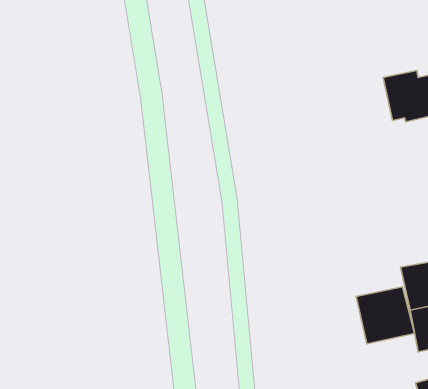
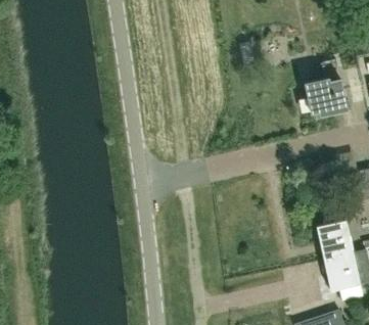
building: [356,287,415,344] -> none

